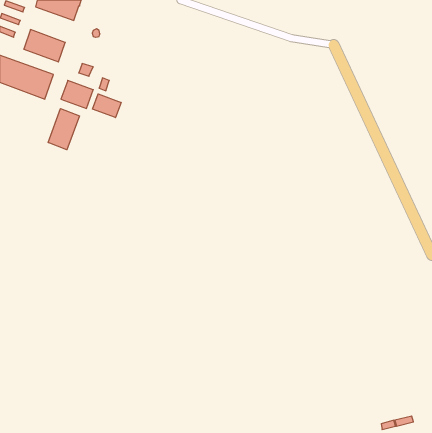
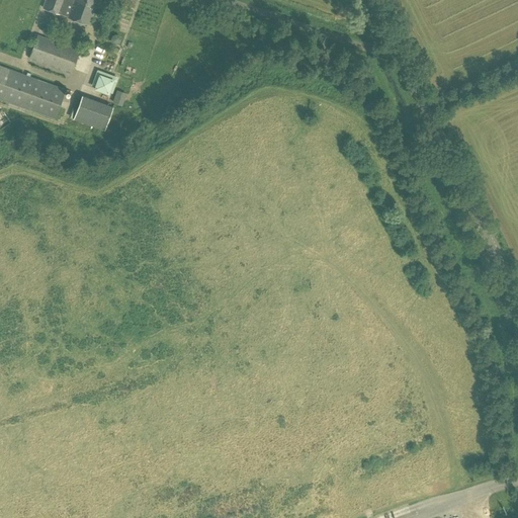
building: [93,94,121,118] -> none
building: [48,109,79,150] -> none

